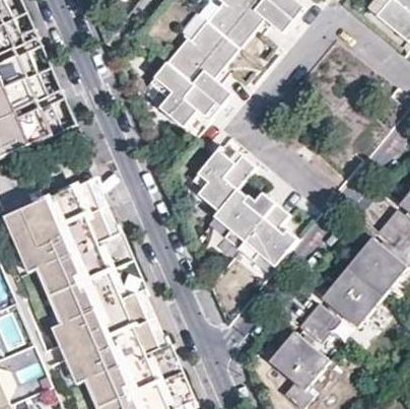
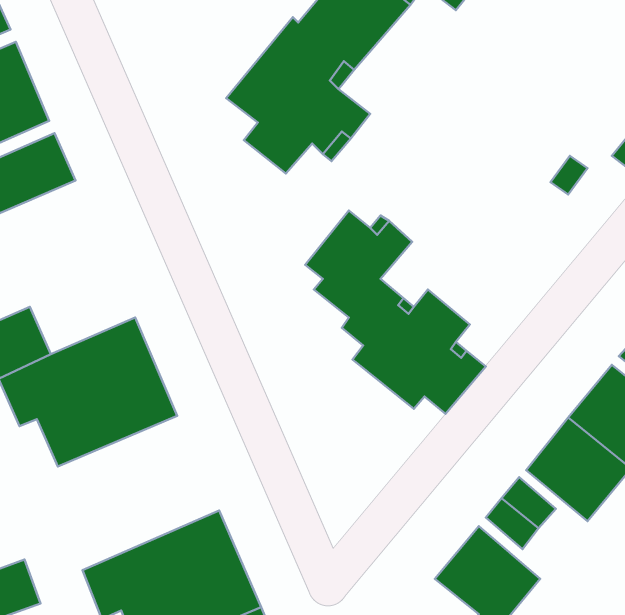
building: [35,183,95,231] -> none
building: [51,267,144,356] -> none

